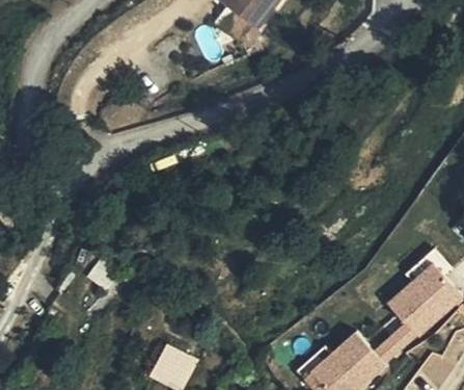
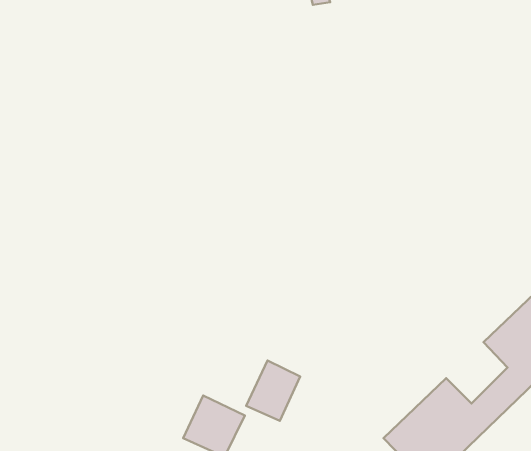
building: none -> [246,360,300,421]

